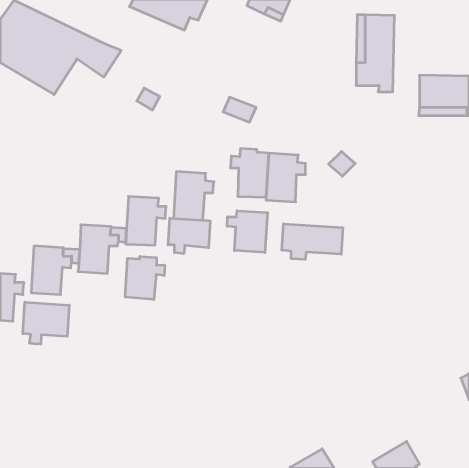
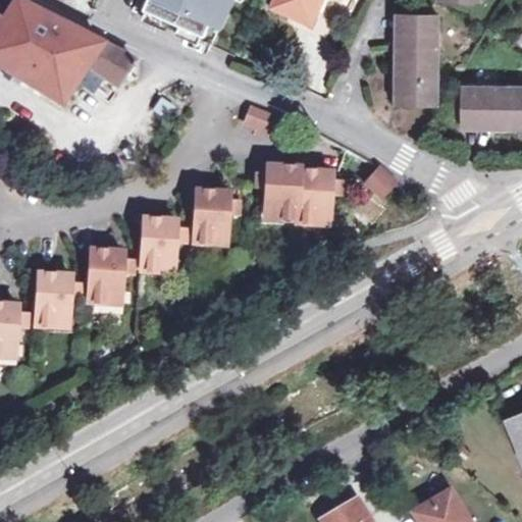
building: [227,211,268,253] -> none
building: [168,218,210,254] -> none
building: [282,224,343,259] -> none
building: [125,256,165,300] -> none
building: [23,302,69,344] -> none

